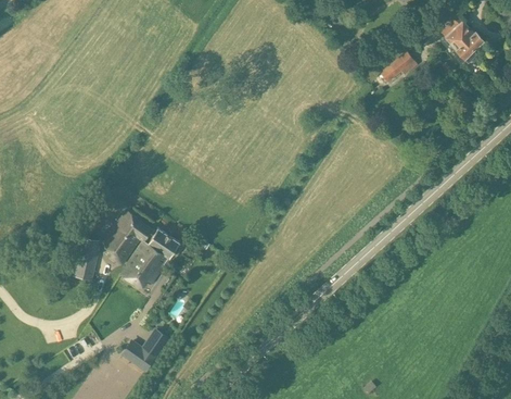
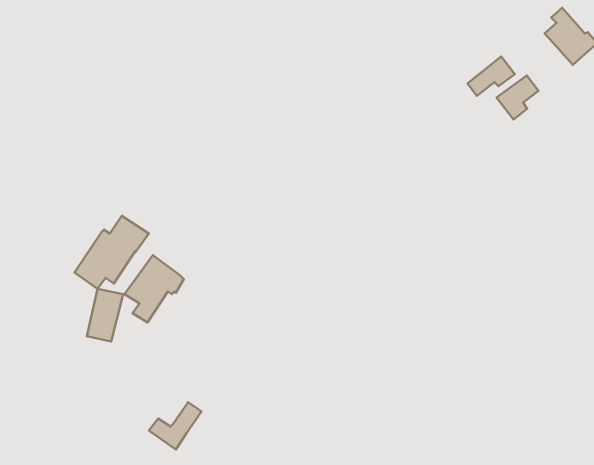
building: none -> [496,76,538,120]
building: [120,228,180,287] -> [75,216,149,289]

